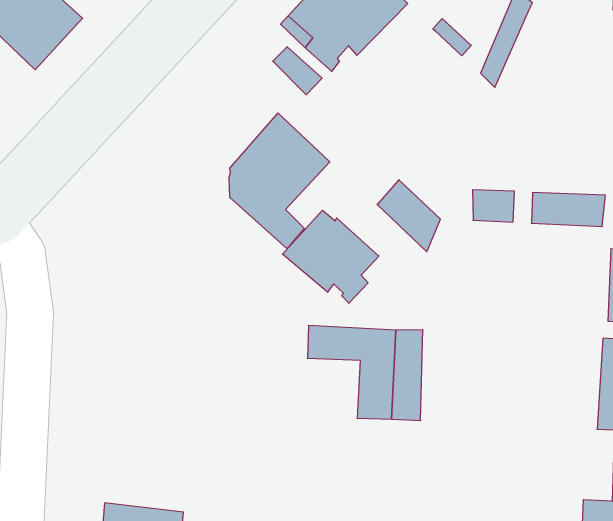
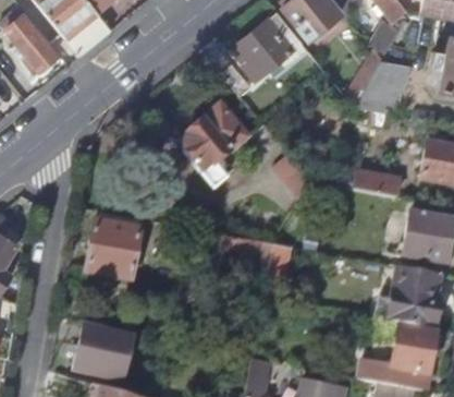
building: none -> [355,59,410,109]
building: [282,210,379,303] -> none
building: none -> [87,218,140,276]

